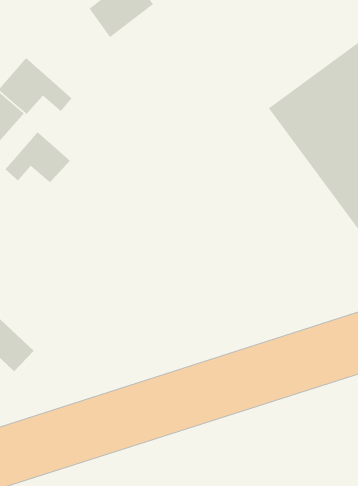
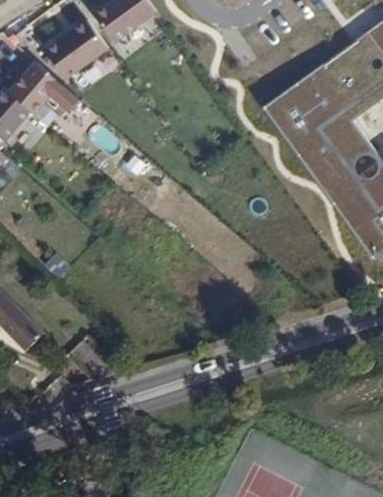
building: none -> [44,17,108,77]
building: [4,131,71,184] -> none

